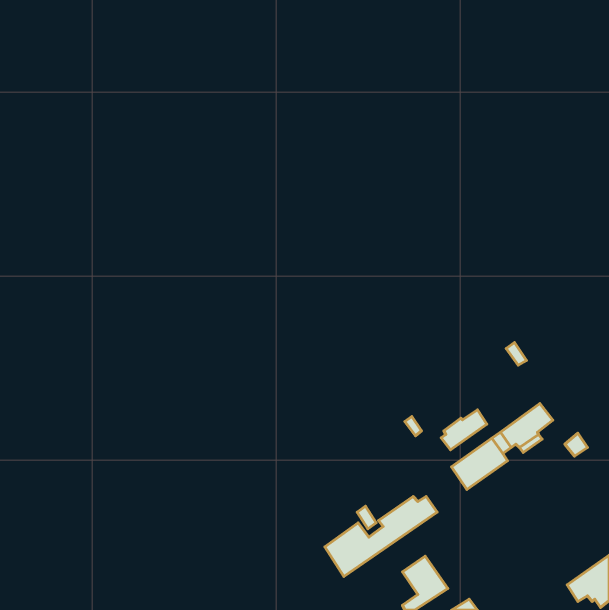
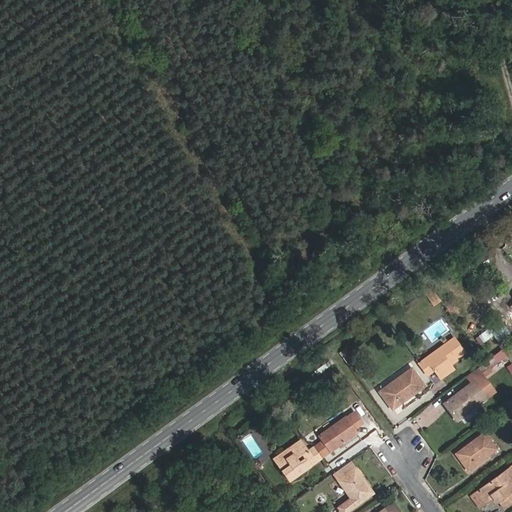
building: [441,410,487,450] -> none
building: none -> [441,379,489,421]
building: none -> [453,431,498,471]

